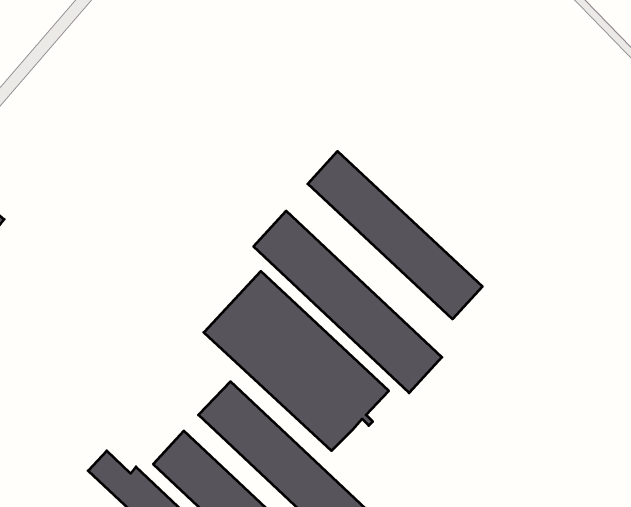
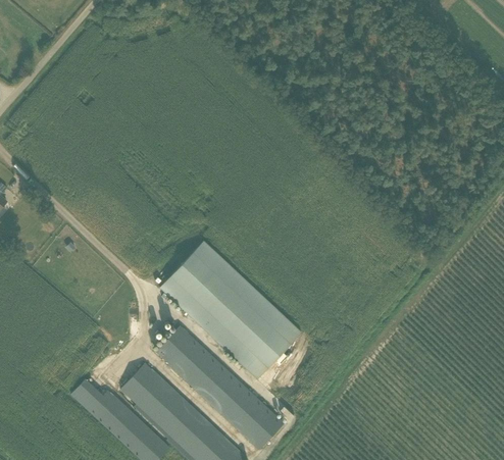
building: [308,151,482,319] -> none
building: [254,211,442,393] -> none

